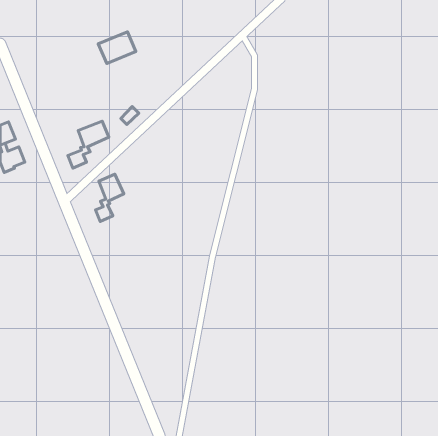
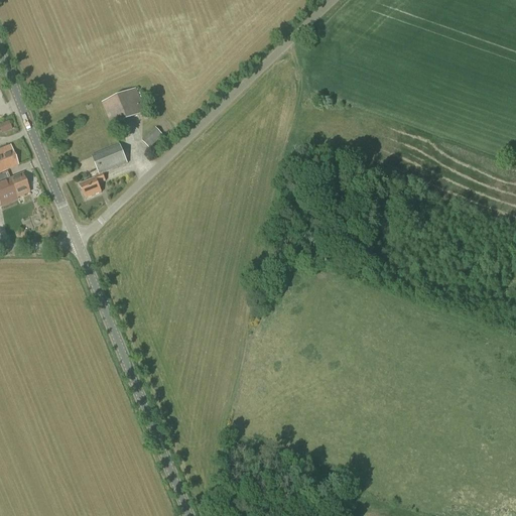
building: [98,32,136,63] -> [102,87,146,124]
building: [95,174,124,221] -> none

